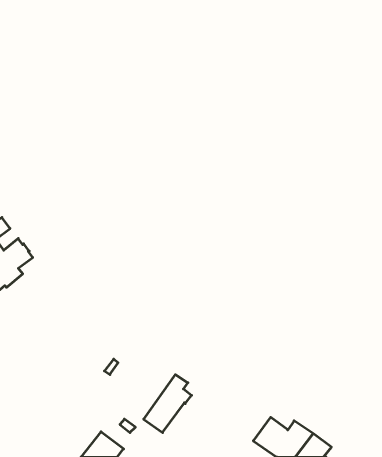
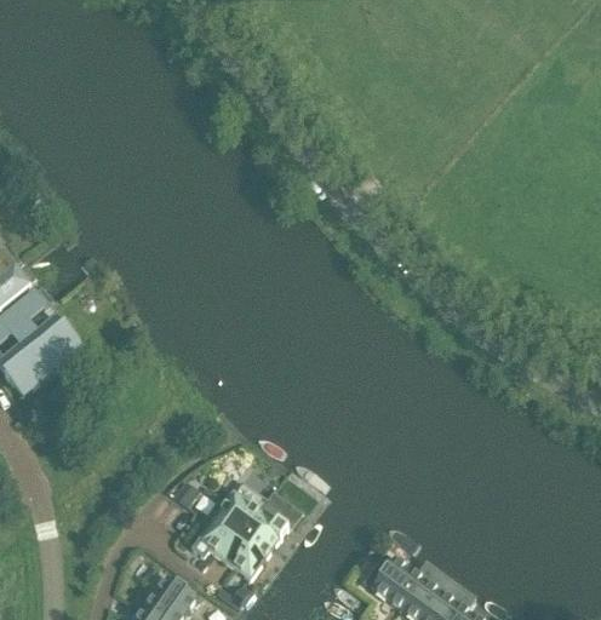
building: none -> [189,490,264,562]

